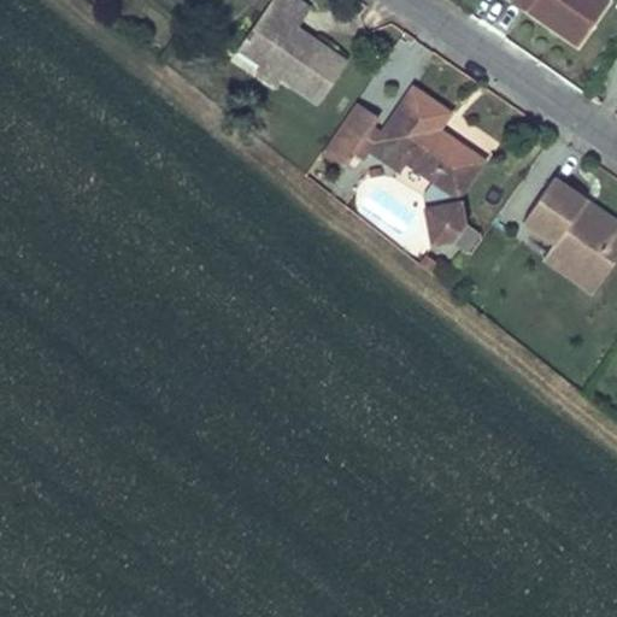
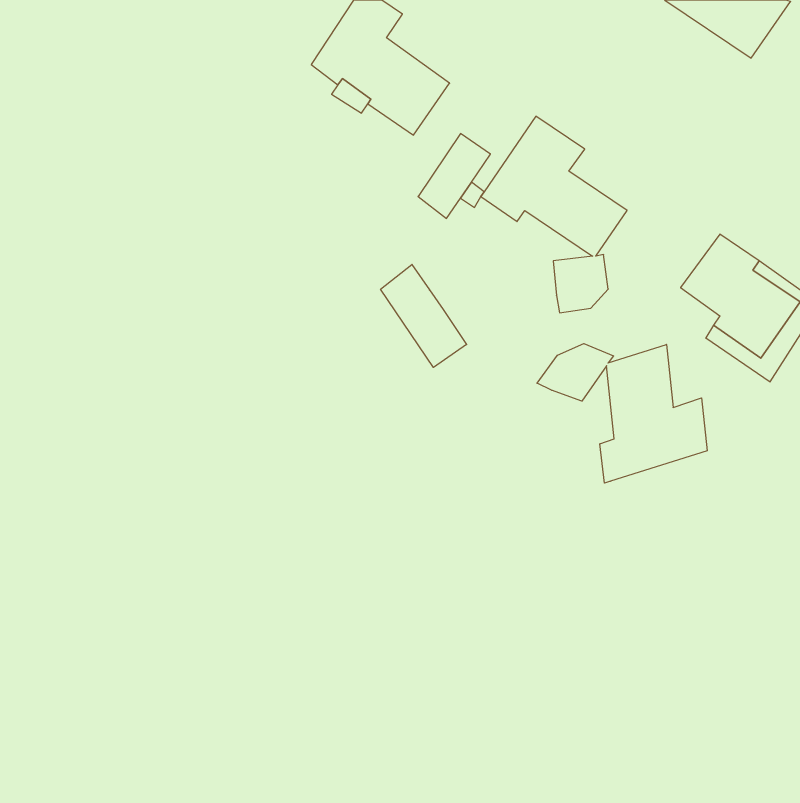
building: none -> [381,264,467,367]
building: none -> [537,344,707,483]

